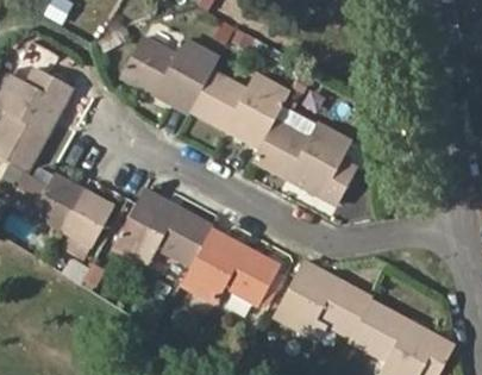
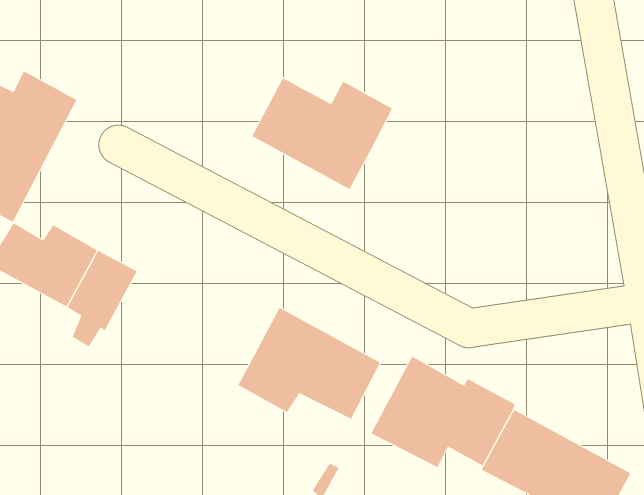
building: [121,37,220,114] -> none
building: [253,119,358,204] -> none
building: [115,187,213,264] -> none

